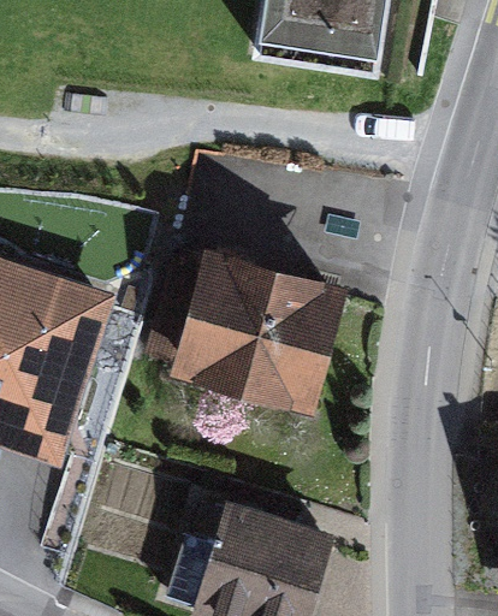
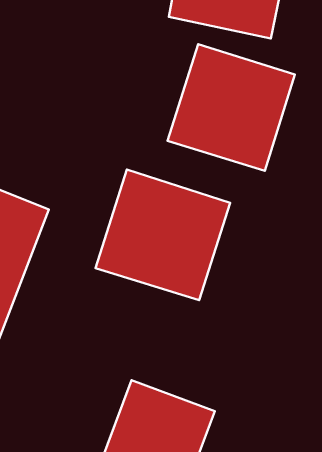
building: none -> [167,44,295,171]

